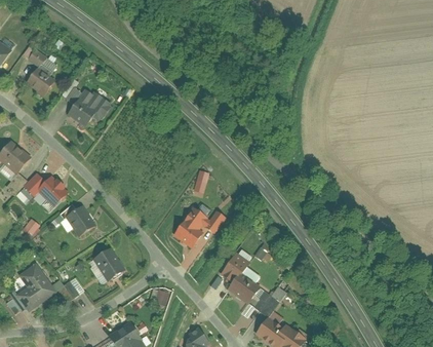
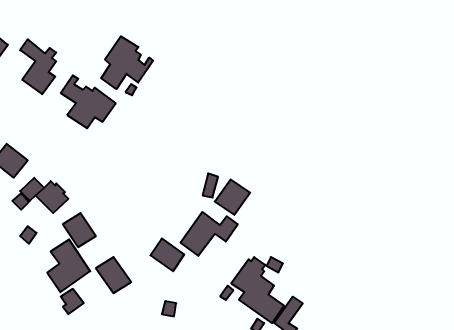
building: none -> [101,36,153,89]
building: none -> [215,179,250,215]
building: none -> [150,238,184,271]
building: [15,263,55,312] -> [47,239,90,292]

